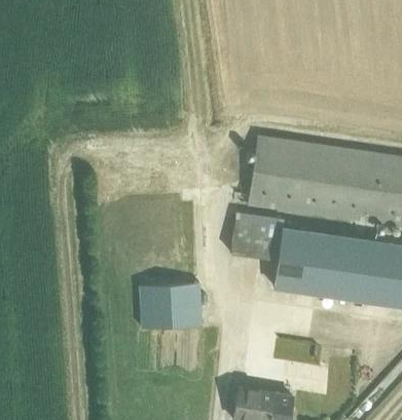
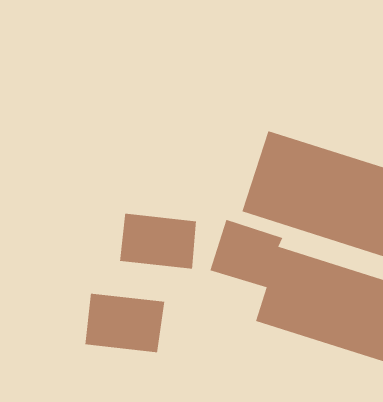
building: none -> [120,213,196,269]

